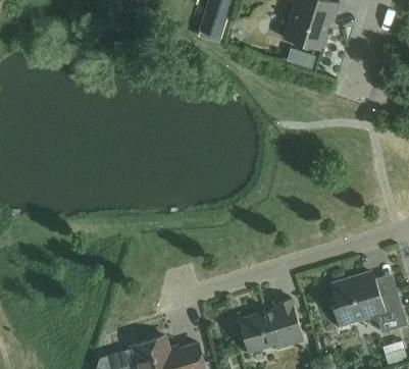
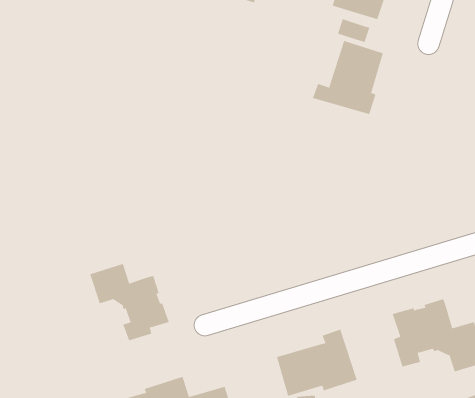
building: none -> [312,40,383,115]
building: none -> [90,263,169,341]

